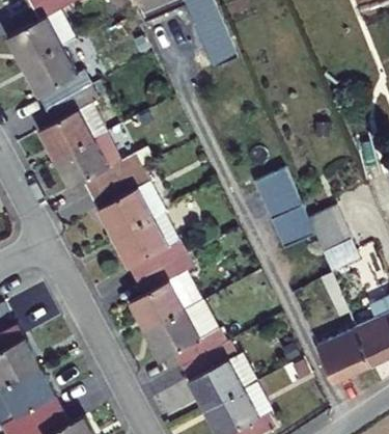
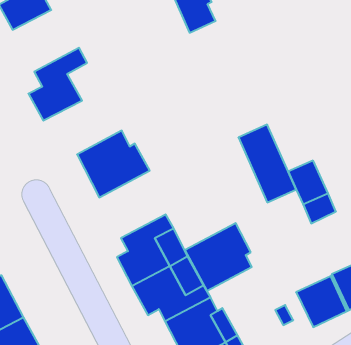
building: [23,45,92,109] -> none
building: [55,139,137,195] -> none
building: [113,212,183,282] -> [185,223,252,291]

